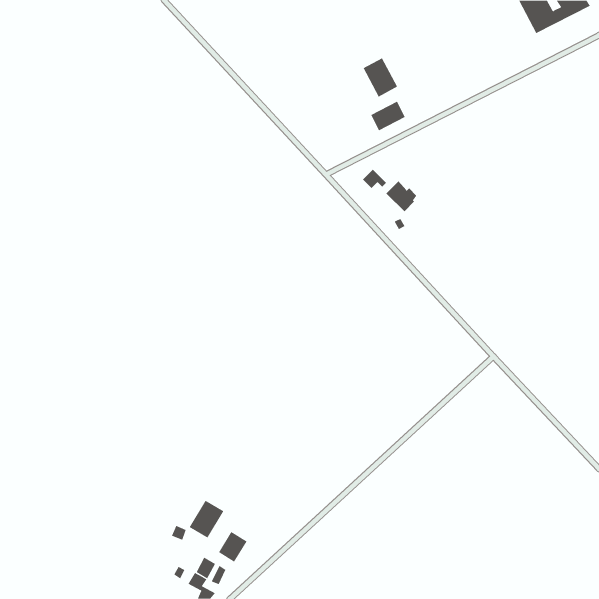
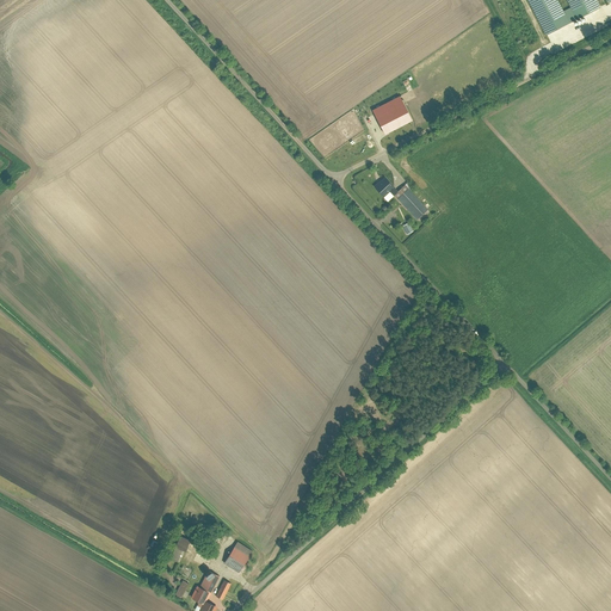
building: [363,57,398,97] -> none
building: [189,500,224,538] -> none

